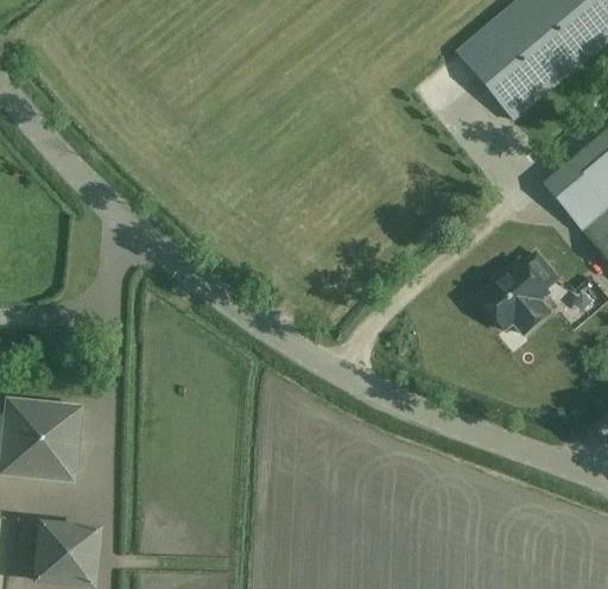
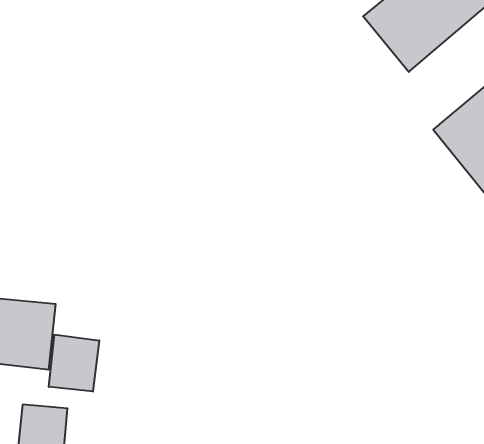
building: [476,251,551,331] -> none
building: none -> [49,335,99,392]

